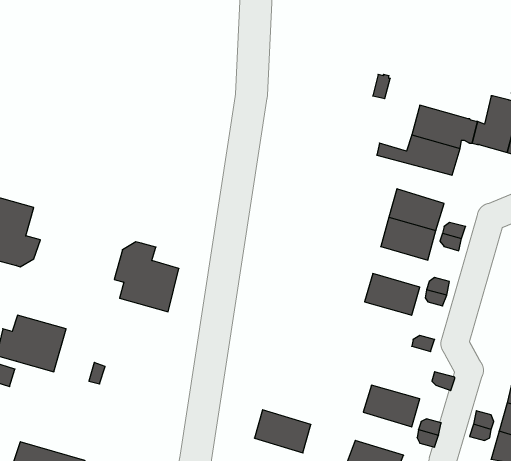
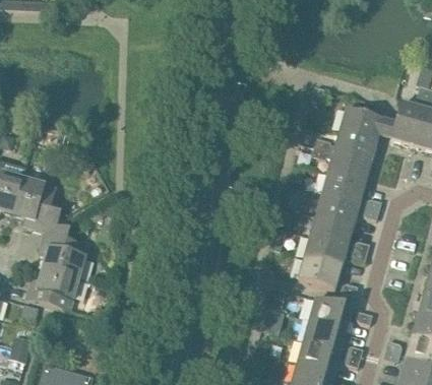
building: none -> [312,145,371,182]
building: [114,242,179,312] -> [39,223,87,276]
building: none -> [311,214,353,245]
building: none -> [299,256,341,288]
building: none -> [310,297,353,329]
building: [254,410,311,453] -> [298,339,341,372]

